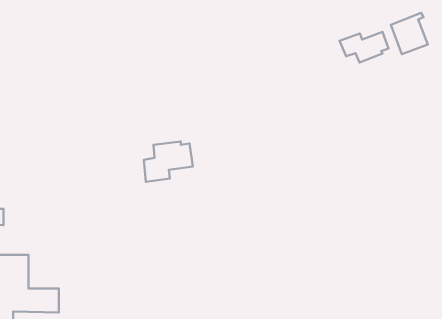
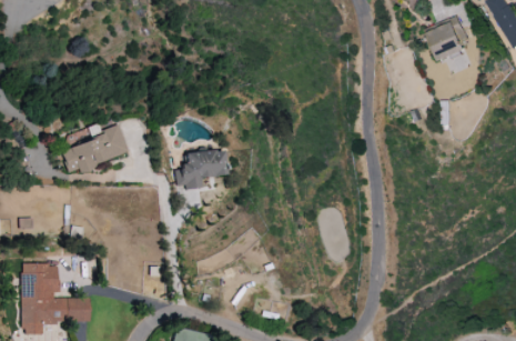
building: [340,32,389,62] -> none
building: none -> [61,128,129,172]

